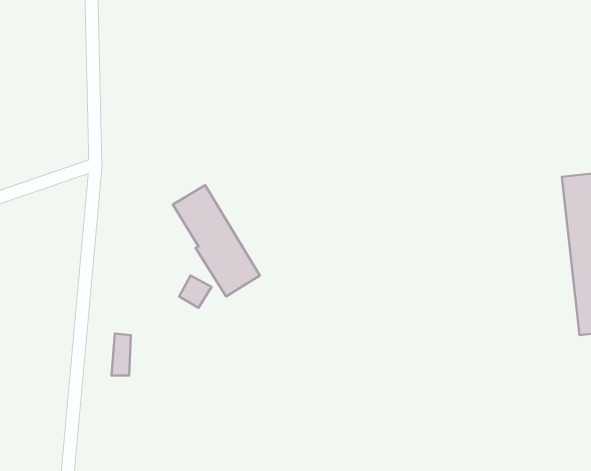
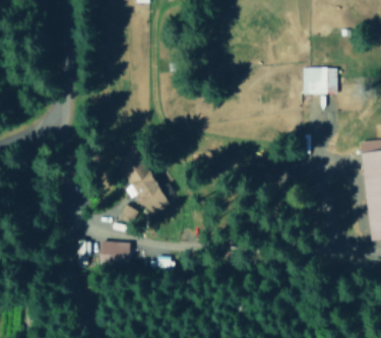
building: none -> [302,67,337,94]
building: none -> [100,242,130,267]

